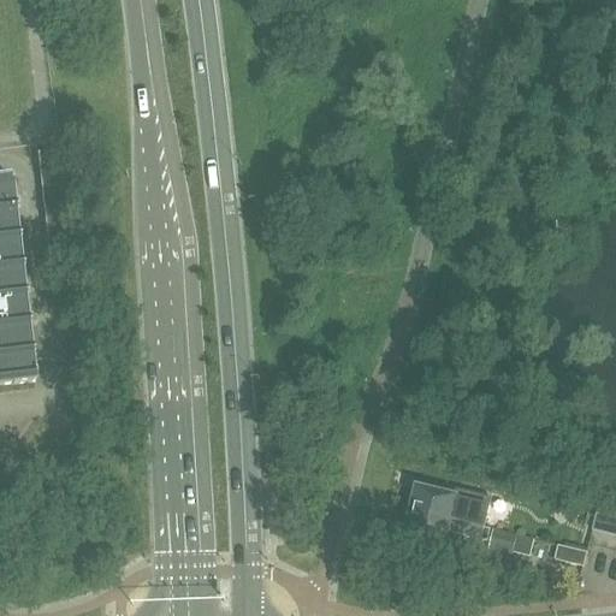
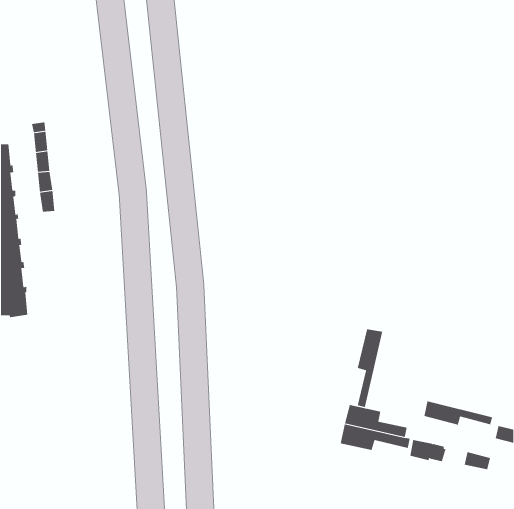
building: none -> [357,328,383,408]
building: none -> [424,401,493,425]

